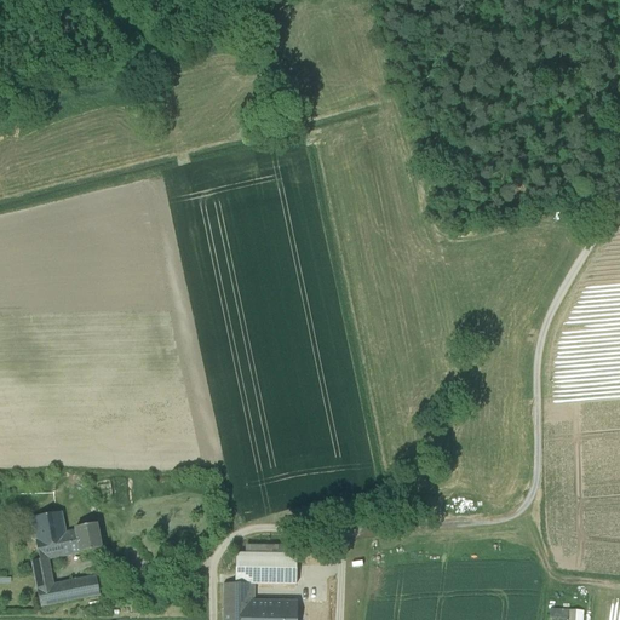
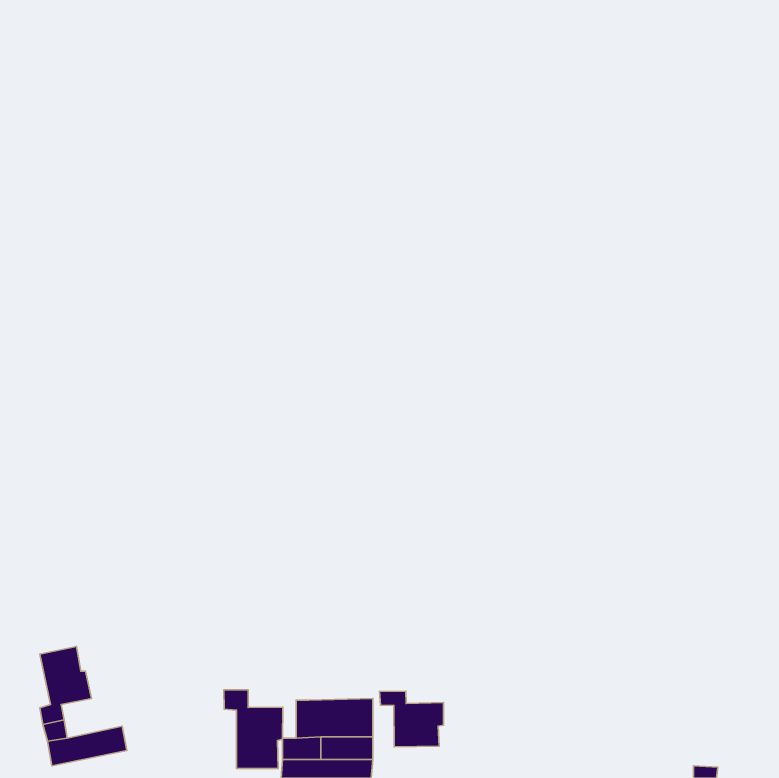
building: [69,523,103,553] -> none
building: none -> [224,690,283,769]
building: none -> [380,691,444,747]

